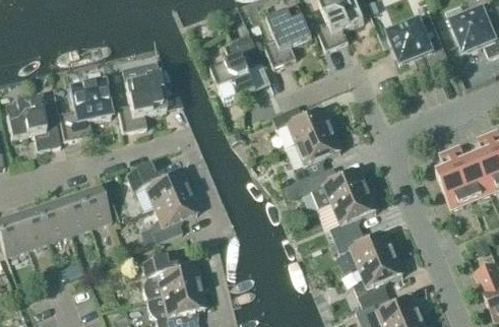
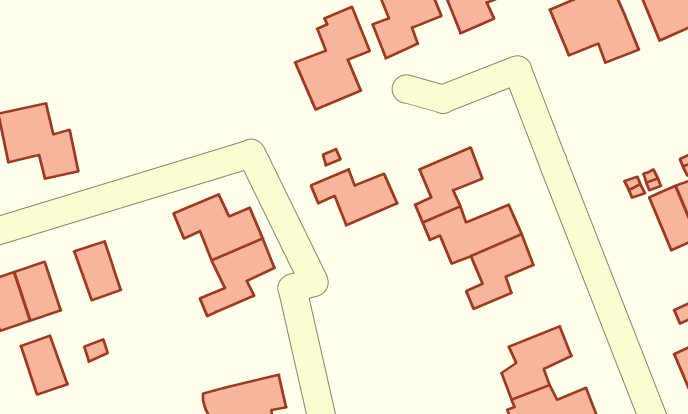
building: [117,62,166,131] -> none
building: [58,81,110,139] -> none
building: [272,105,332,143] -> [311,169,397,225]
building: [436,162,472,207] -> none
building: [78,186,111,226] -> none
building: [37,200,69,241] -> [21,336,68,394]
building: [334,228,394,266] -> none
building: [142,257,199,299] -> none

